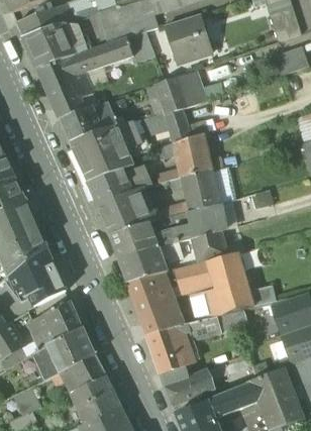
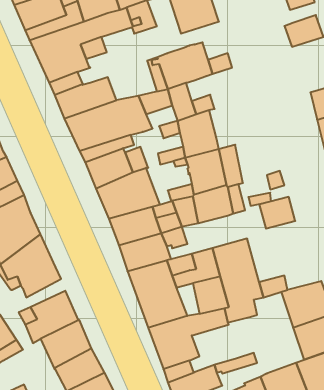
building: [193,231,226,260] -> [259,197,295,229]
building: [30,345,60,381] -> none

